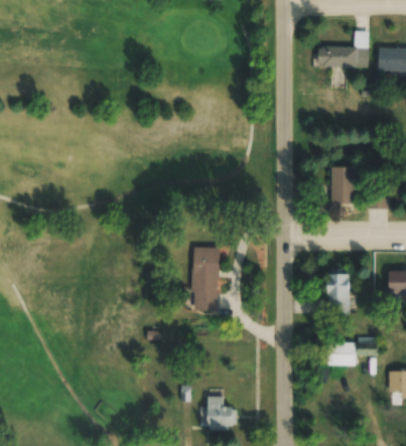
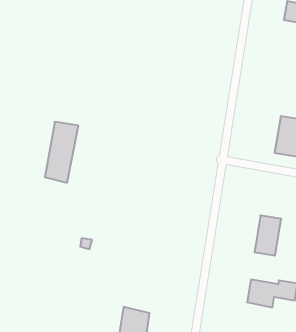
building: [190,246,217,307] -> [45,122,78,183]

